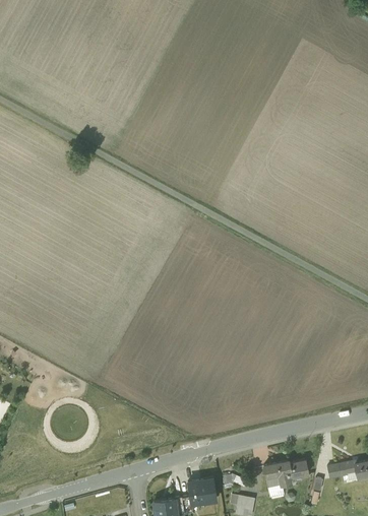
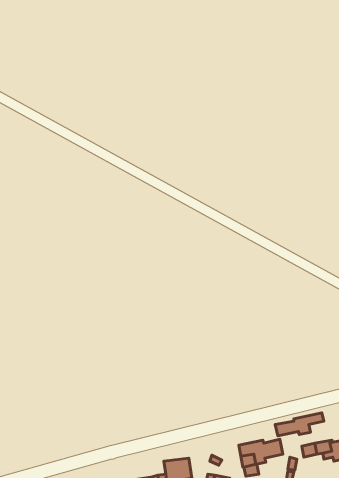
building: none -> [275,413,324,436]

